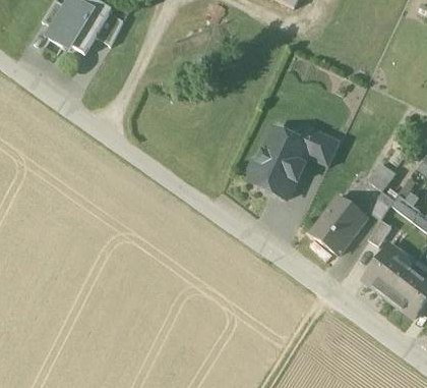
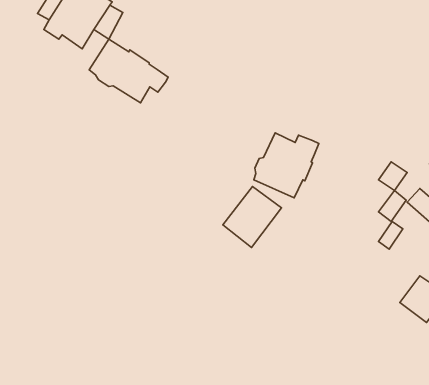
building: none -> [89,39,168,103]
building: [305,128,340,165] -> none
building: [311,197,367,255] -> [223,187,281,247]
building: [363,244,408,297] -> none

